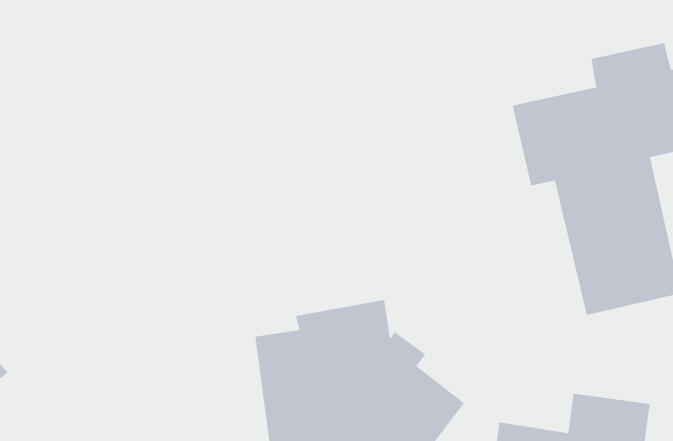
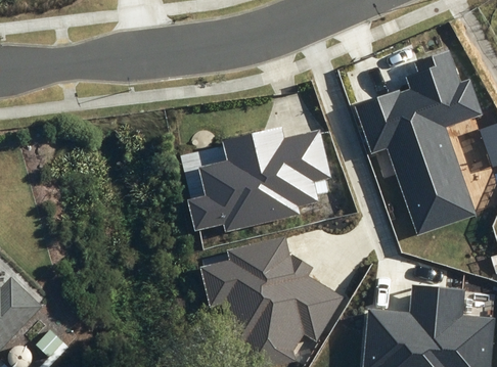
building: none -> [188,128,332,231]

